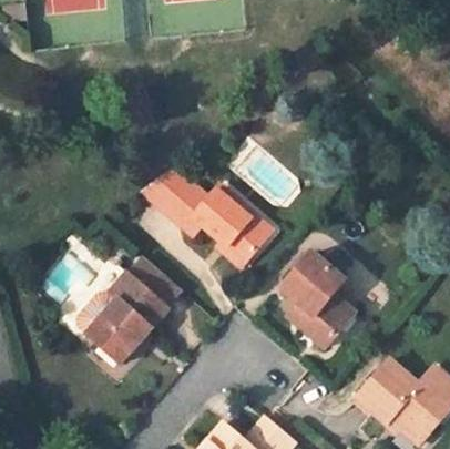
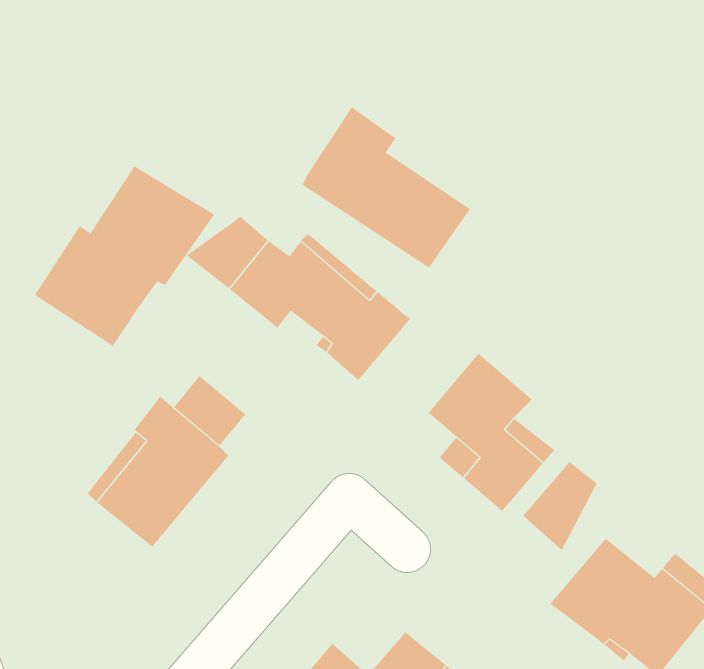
building: none -> [302,106,471,269]
building: none -> [34,166,215,347]
building: none -> [523,461,598,551]

